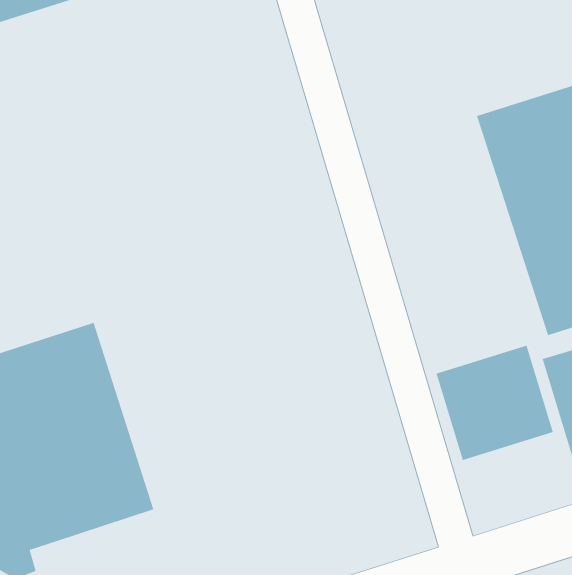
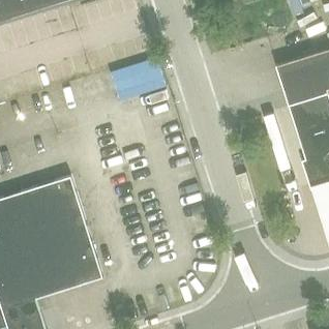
building: [436,345,553,461] -> none

